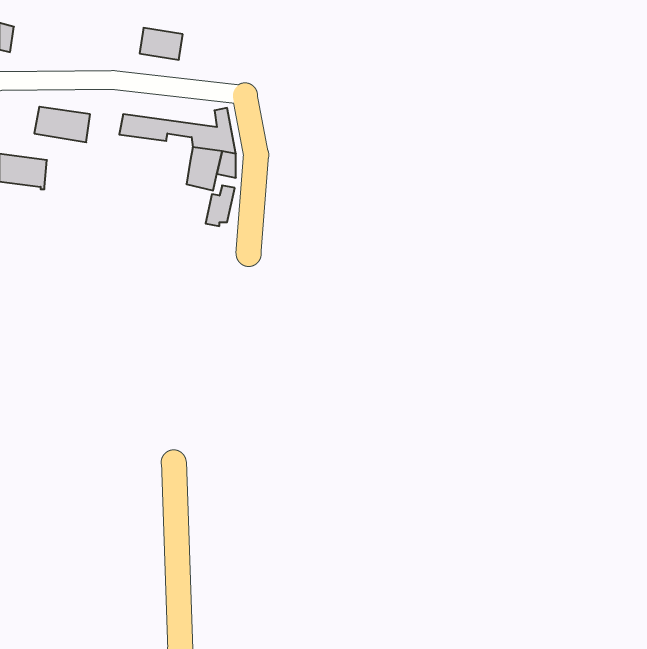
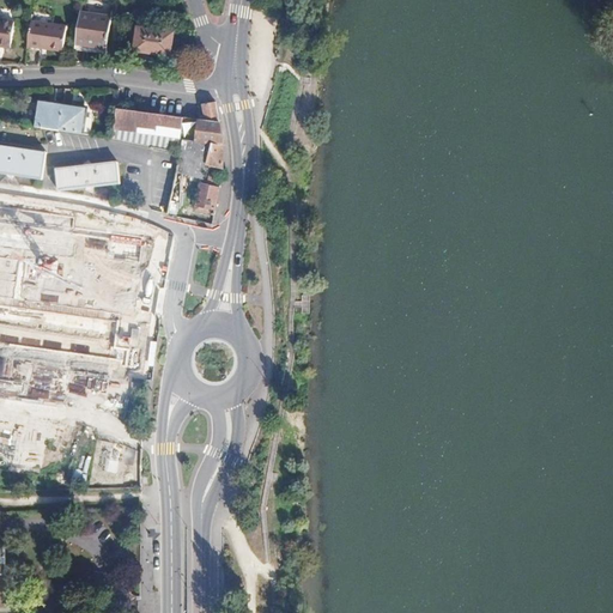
building: none -> [74,7,110,44]
building: none -> [26,23,65,54]
building: none -> [54,162,119,192]

